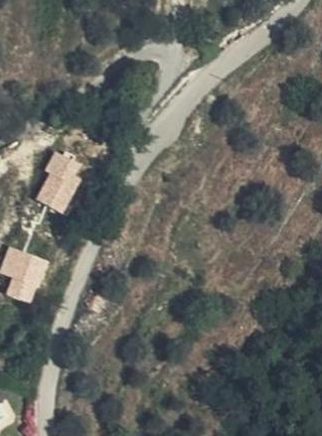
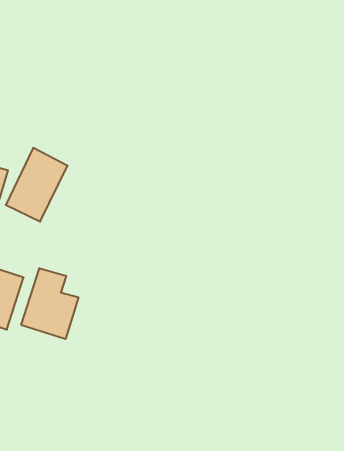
building: none -> [21,268,78,339]

